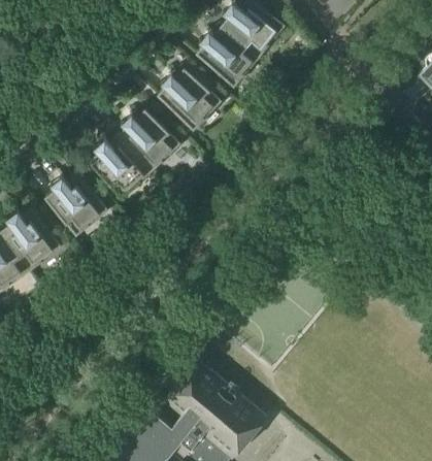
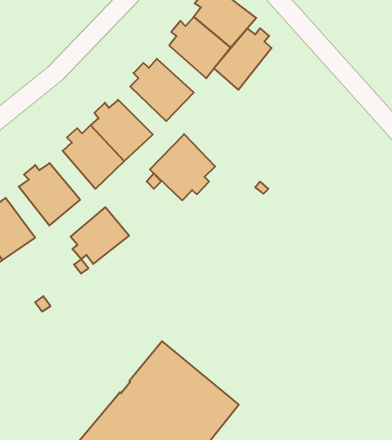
building: none -> [214,28,272,90]
building: none -> [150,134,215,200]
building: none -> [71,207,129,264]

